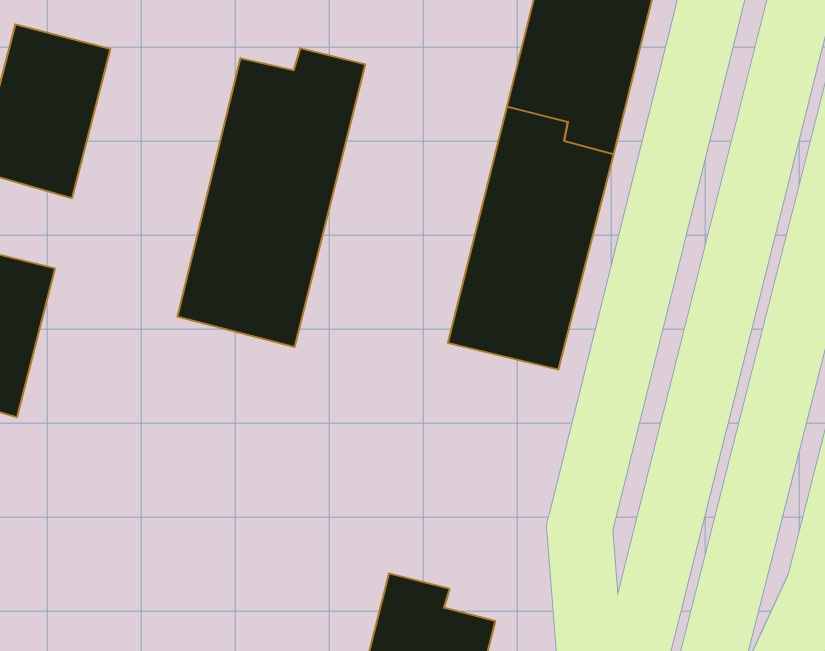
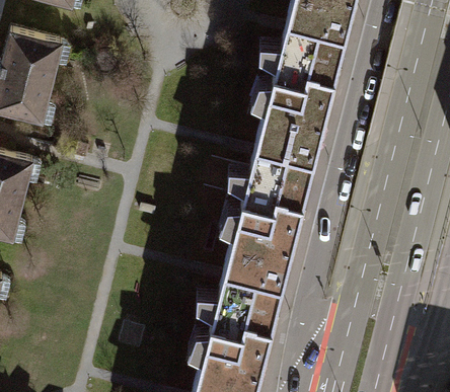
building: [177,48,365,347] -> none
building: none -> [211,199,301,346]

